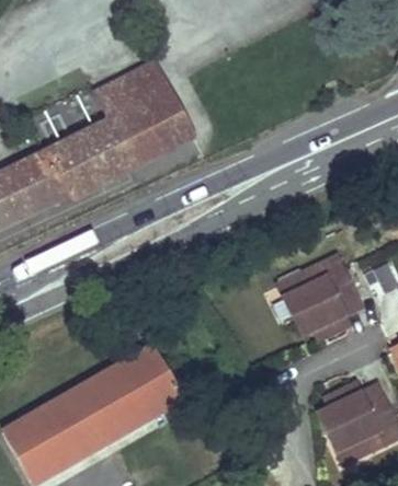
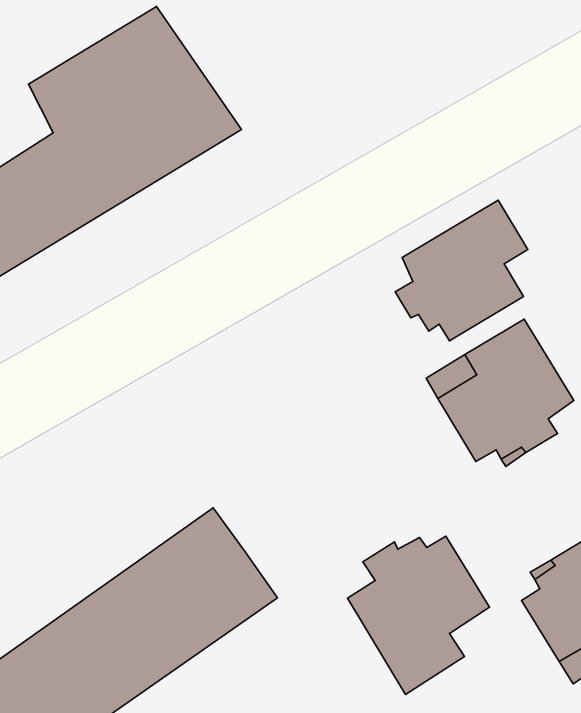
building: none -> [395,200,528,341]
building: none -> [348,536,490,694]

